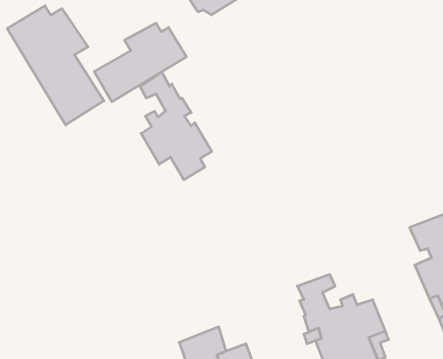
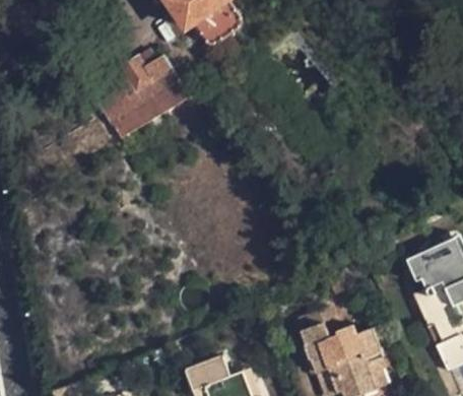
building: [7,6,104,125] -> none
building: [140,72,212,180] -> none

